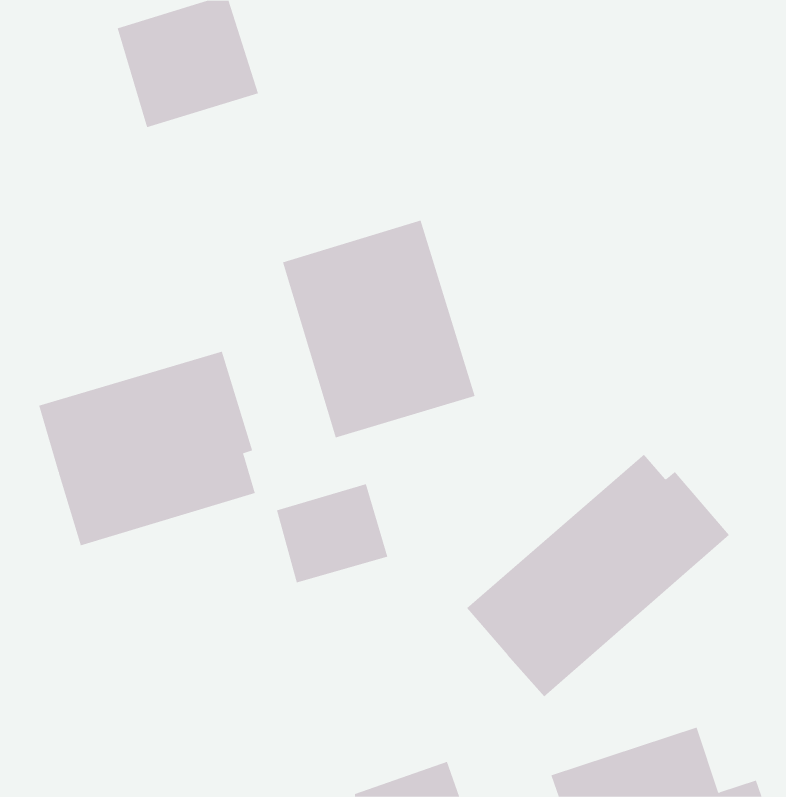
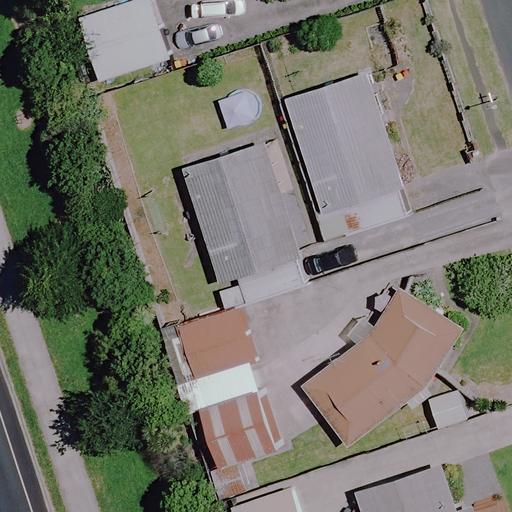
building: none -> [282,75,416,237]
building: [39,351,256,546] -> none
building: none -> [202,387,275,473]

